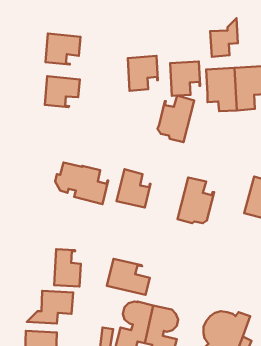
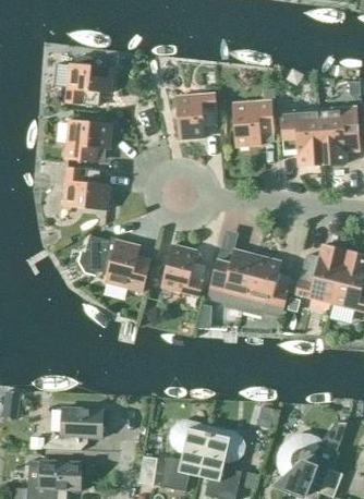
building: [210,18,238,57] -> none
building: [158,95,194,142] -> [208,248,257,311]
building: none -> [64,167,110,209]
building: none -> [296,248,345,303]
building: [54,249,81,286] -> none
building: [107,259,150,295] -> none

